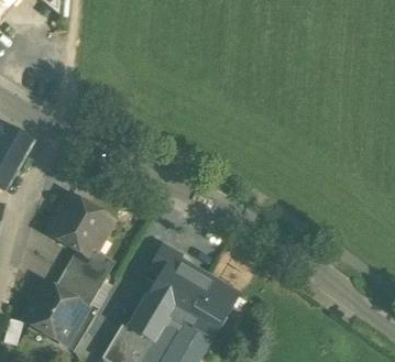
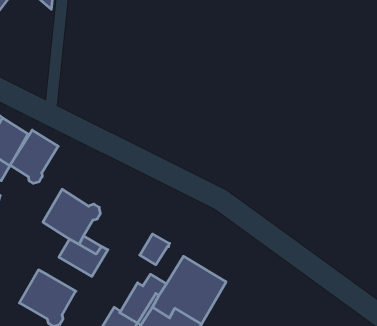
building: none -> [10,130,58,183]
building: [160,257,194,296] -> none
building: [54,268,99,308] -> none

